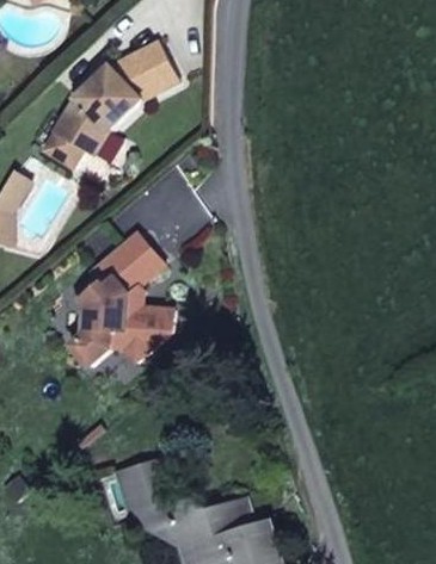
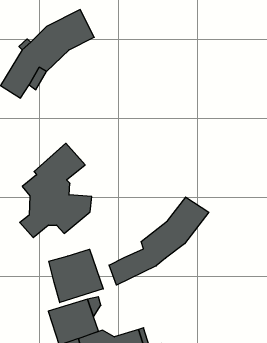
building: none -> [109,197,209,285]
building: none -> [49,249,103,303]

